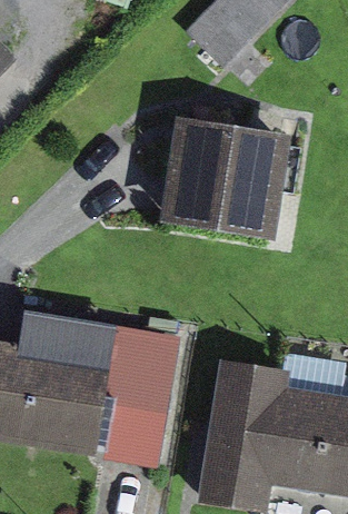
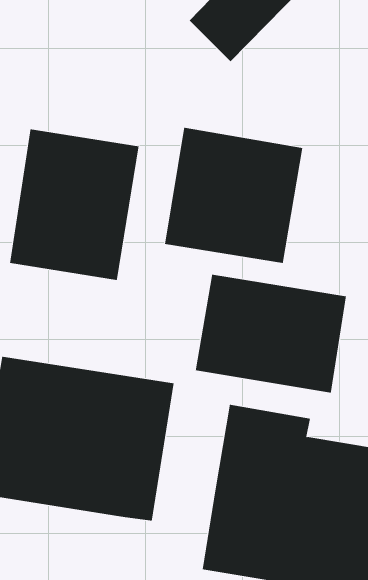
building: none -> [9,128,139,281]
building: none -> [195,274,347,394]

